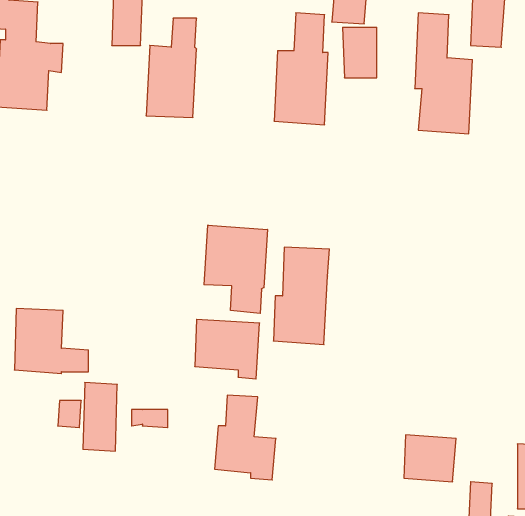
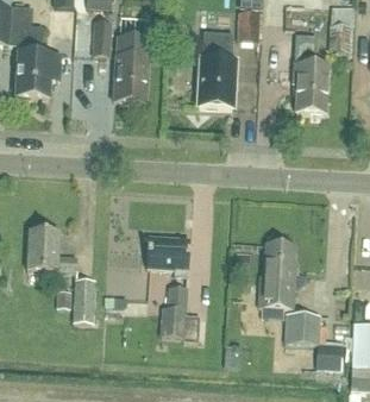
building: [204,225,267,313] -> none
building: [273,247,329,345] -> [258,243,295,307]

